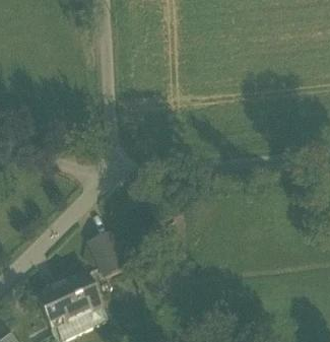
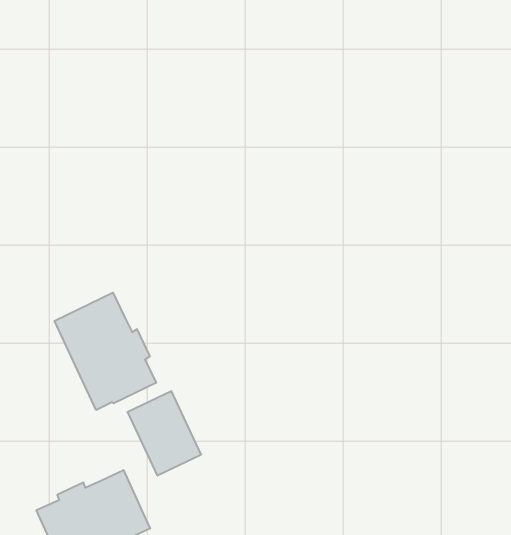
building: none -> [54,293,156,410]

